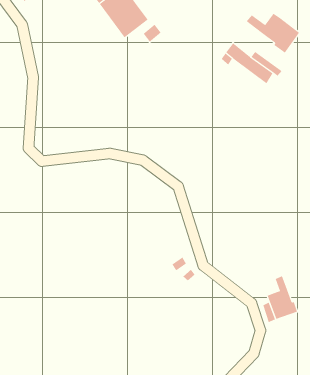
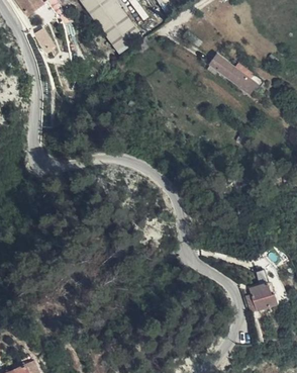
building: [246,13,300,53] -> none

